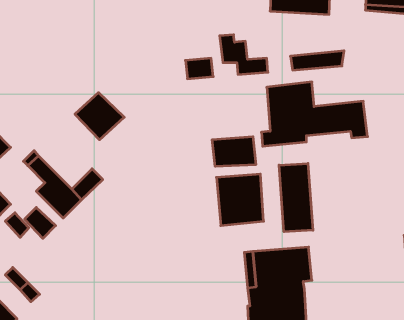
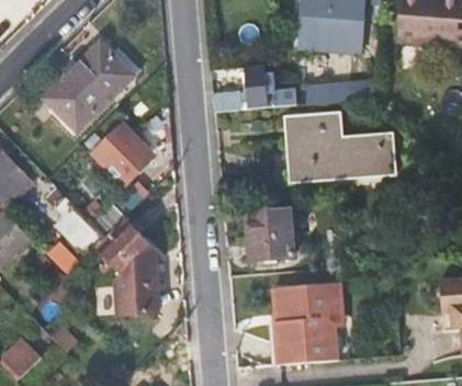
building: none -> [42,42,132,130]
building: [212,137,256,166] -> none
building: [279,163,313,232] -> none
building: none -> [98,222,161,317]

